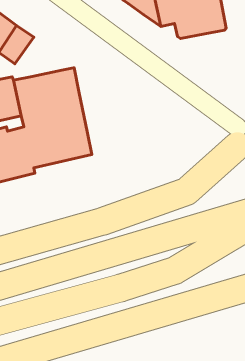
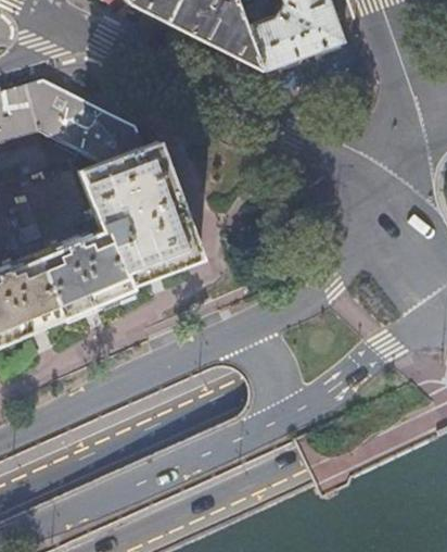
building: none -> [77,109,140,161]

